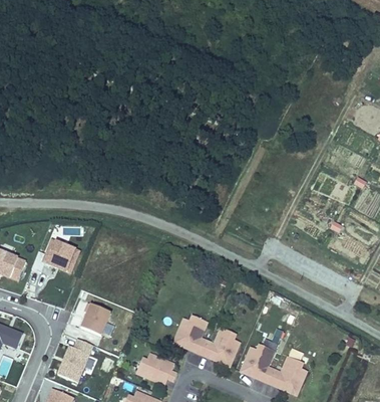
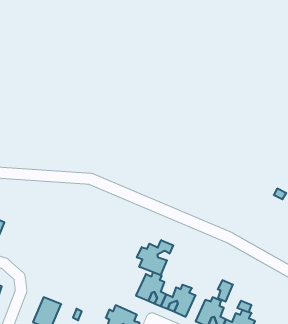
building: [43,238,79,271] -> none
building: none -> [137,240,173,275]
building: [81,300,110,334] -> none

